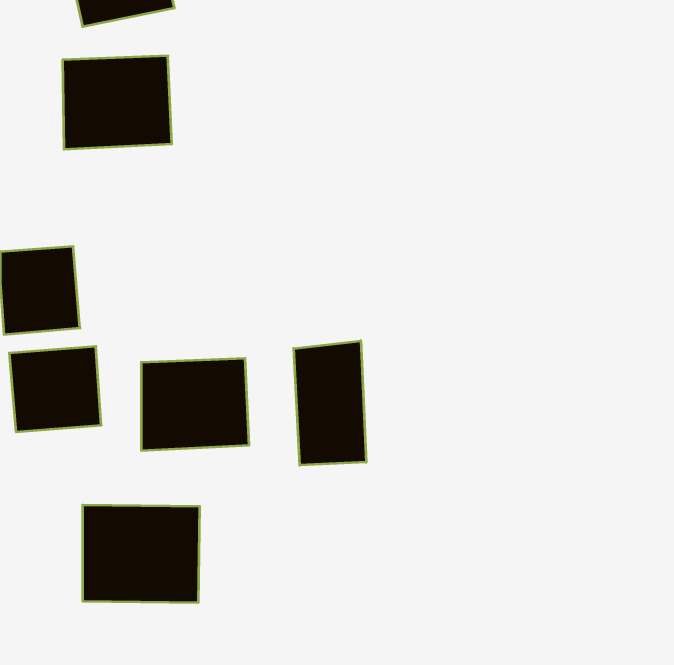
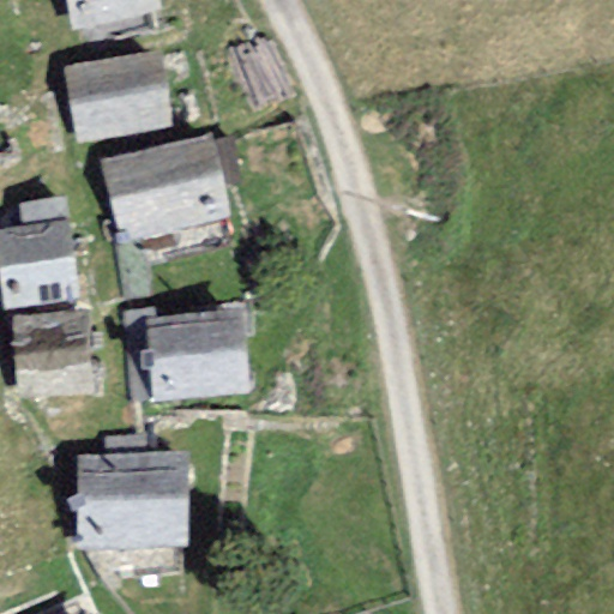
building: none -> [115,154,213,237]
building: [294,341,366,465] -> none

